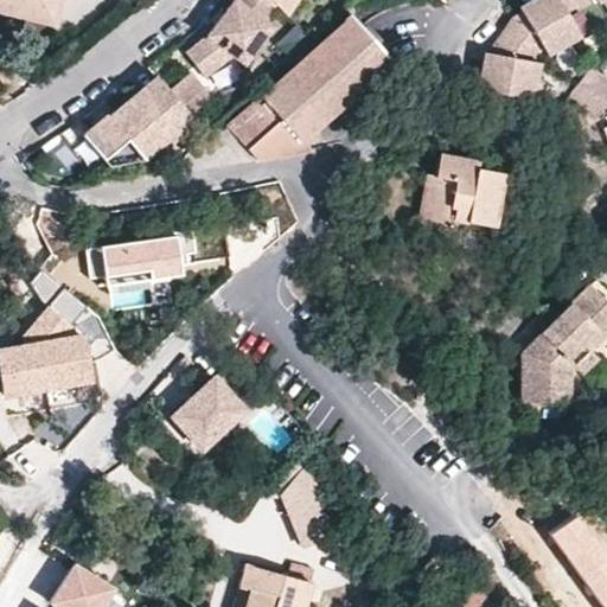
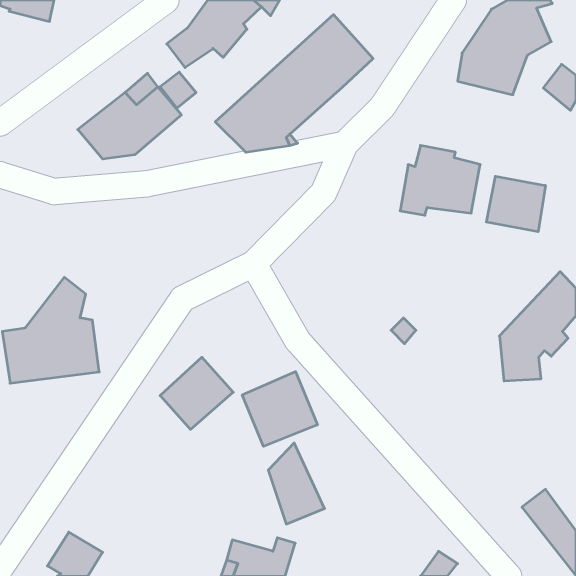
building: none -> [486,176,545,232]
building: [109,237,193,289] -> none
building: none -> [242,372,317,446]

